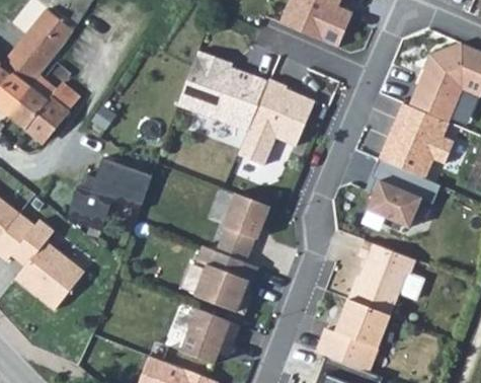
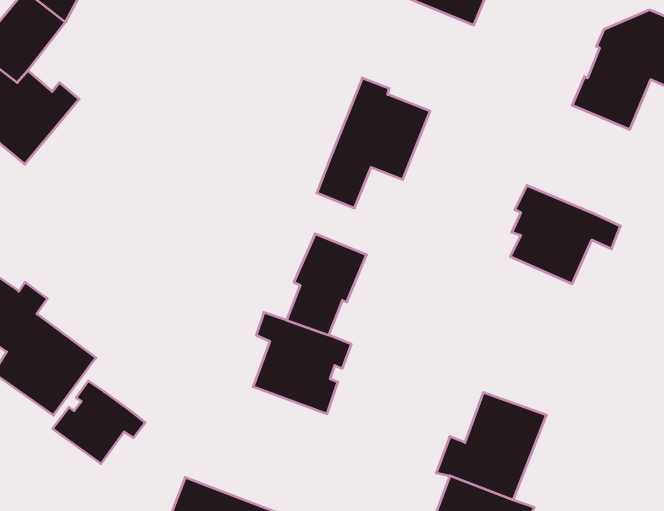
building: [172,55,266,139] -> none
building: [378,100,454,176] -> none
building: [59,156,146,230] -> none
building: [348,245,415,312] -> none
building: none -> [53,381,145,464]
building: [181,305,240,362] -> none

